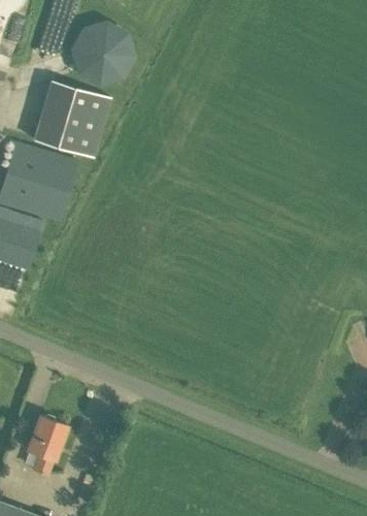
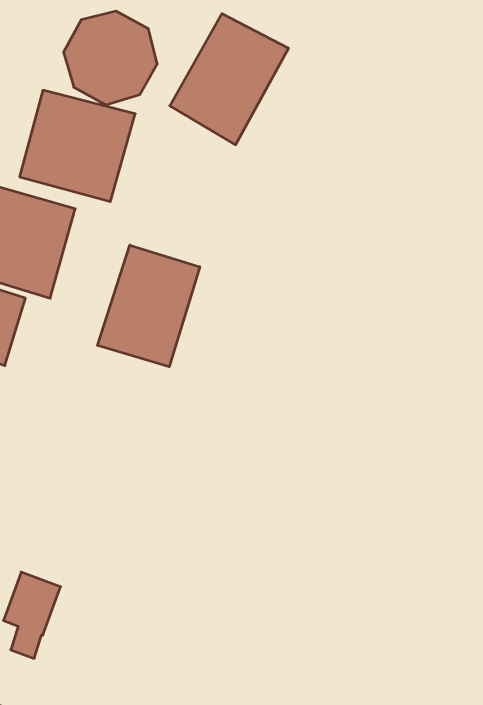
building: none -> [170,14,288,145]
building: none -> [98,245,200,367]

